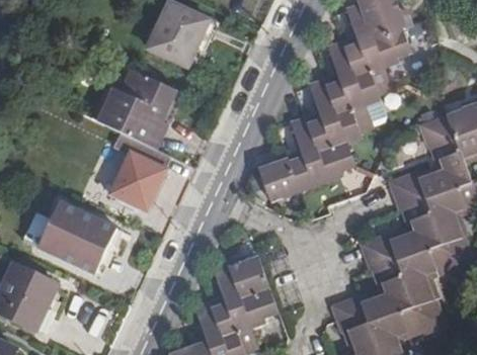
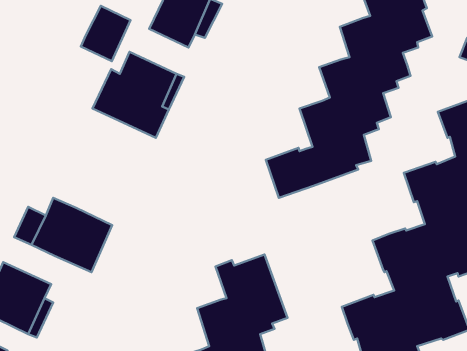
building: none -> [81,6,130,61]
building: [109,131,174,211] -> none

